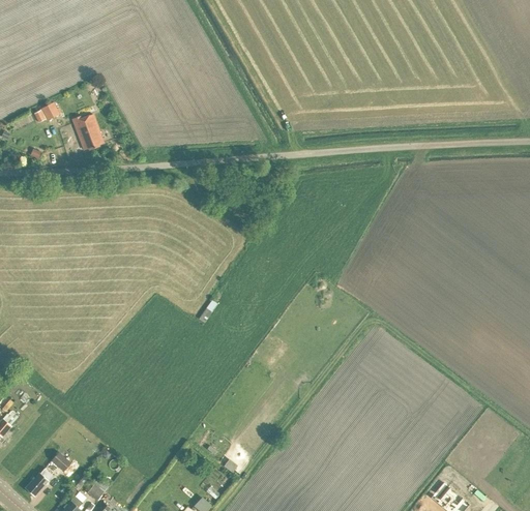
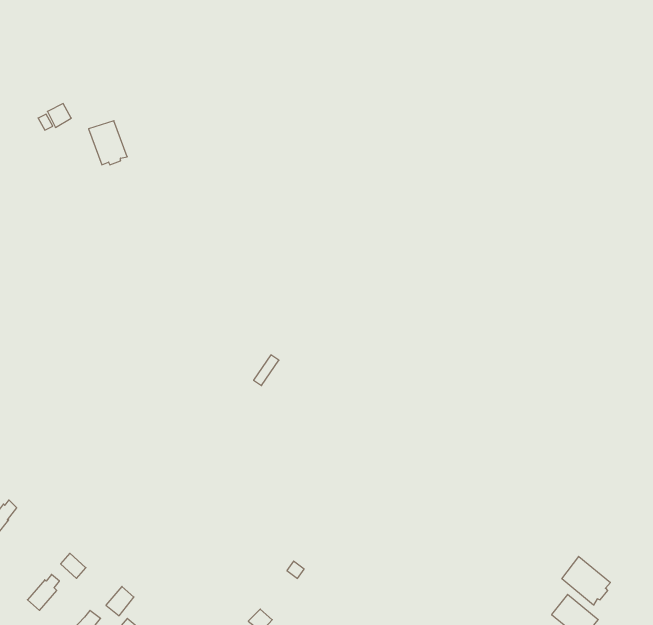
building: none -> [562,556,610,605]

